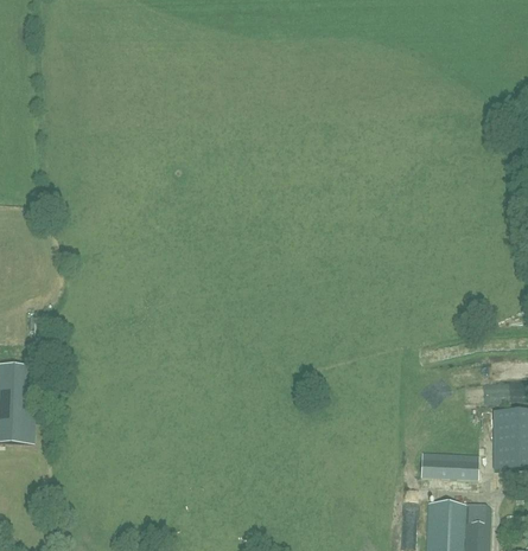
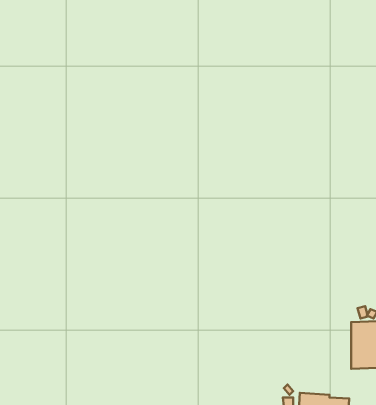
building: [421,451,478,478] -> none

